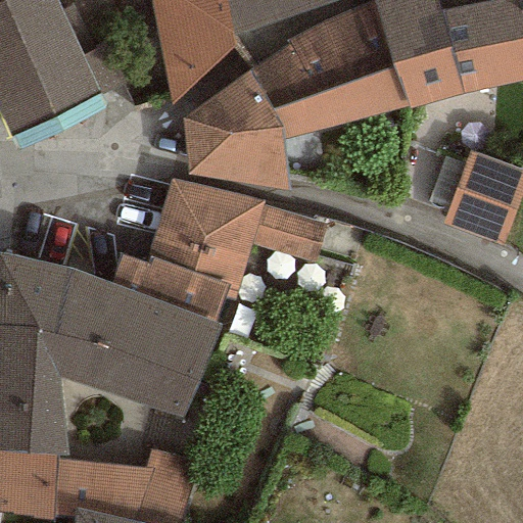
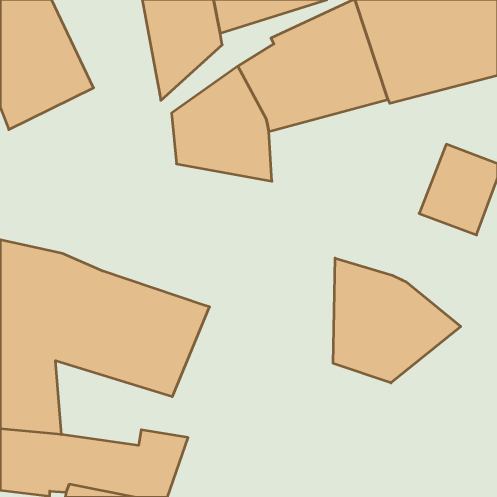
building: [108,178,326,320] -> none
building: none -> [333,258,461,383]

